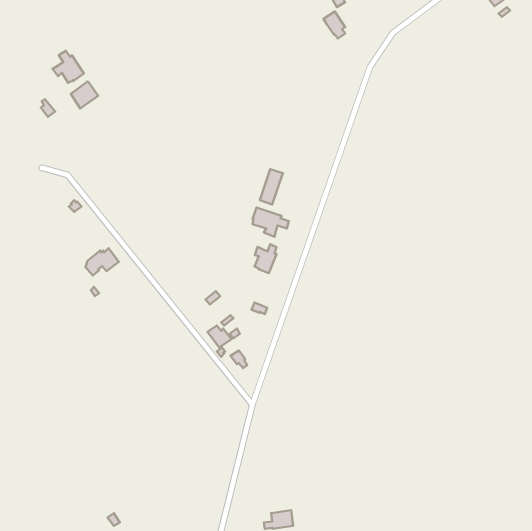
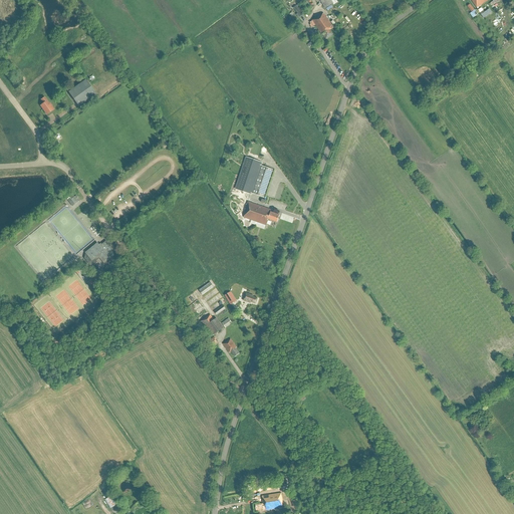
building: [52,51,84,83] -> none
building: none -> [235,159,260,195]
building: [255,244,277,273] -> none

